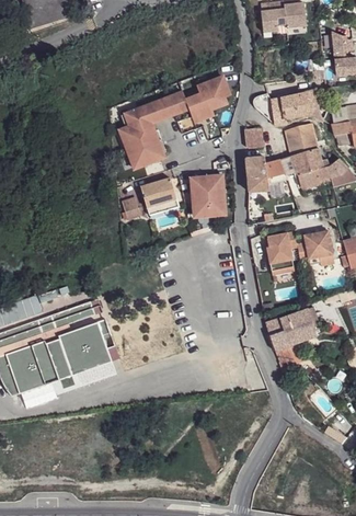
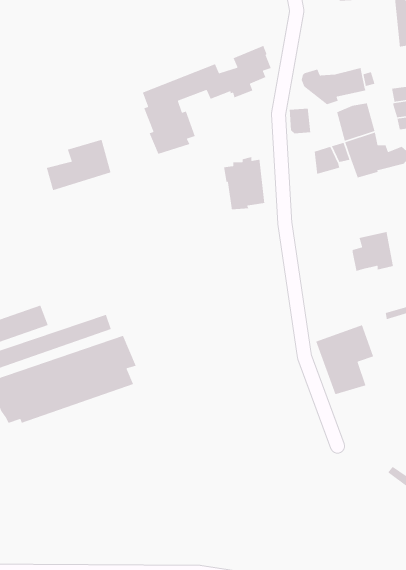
building: [244,158,267,191] -> none
building: [123,176,177,220] -> [46,139,111,191]
building: [265,232,296,276] -> none

